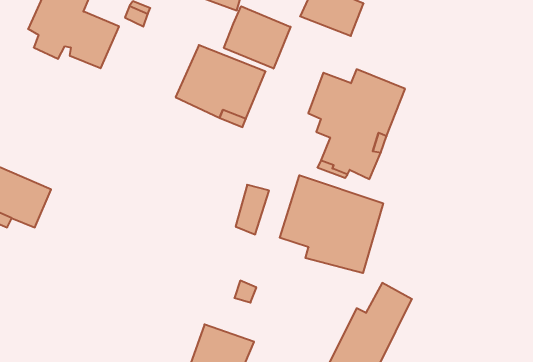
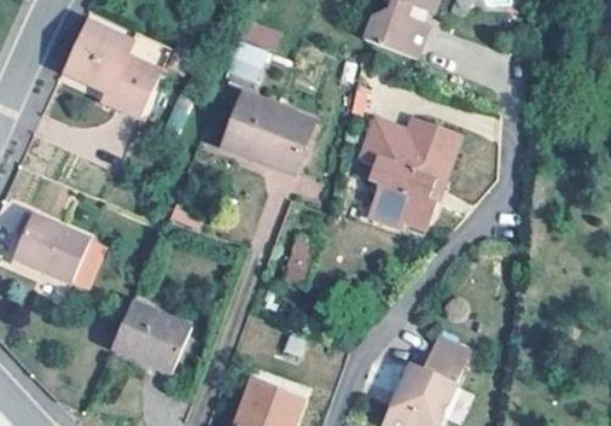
building: [224,6,291,69] -> none
building: [280,175,383,273] -> none
building: none -> [114,298,193,370]

